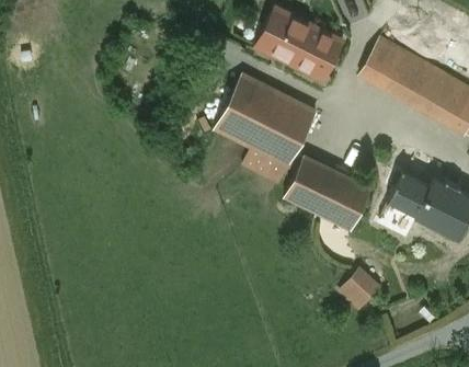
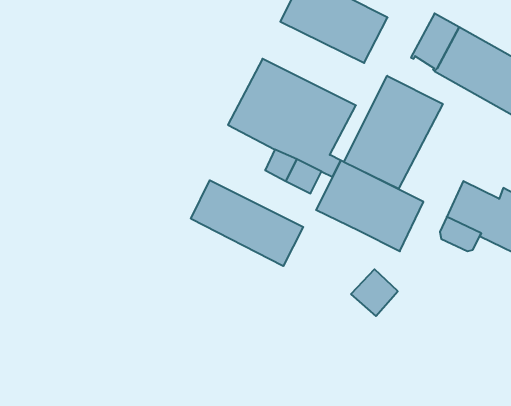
building: none -> [344,76,443,189]
building: none -> [191,180,303,266]
building: [341,271,378,308] -> [351,269,398,316]

